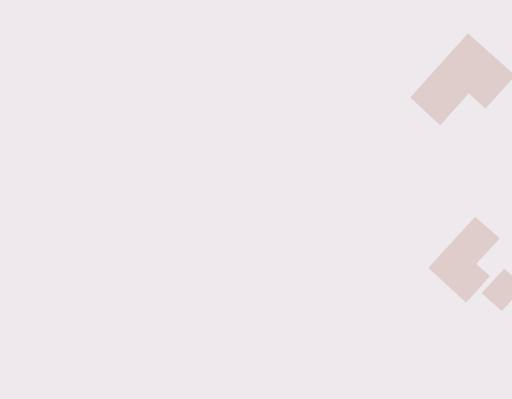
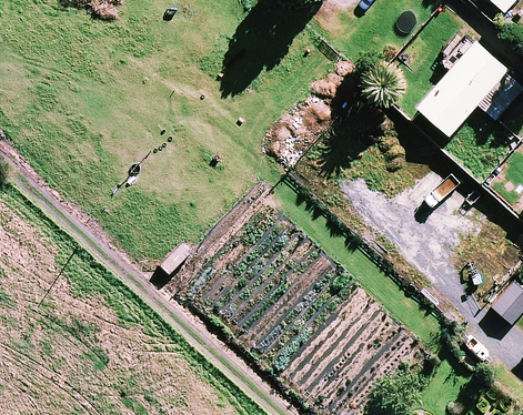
building: [428,216,501,303] -> none

